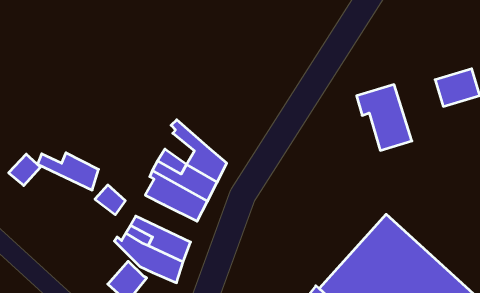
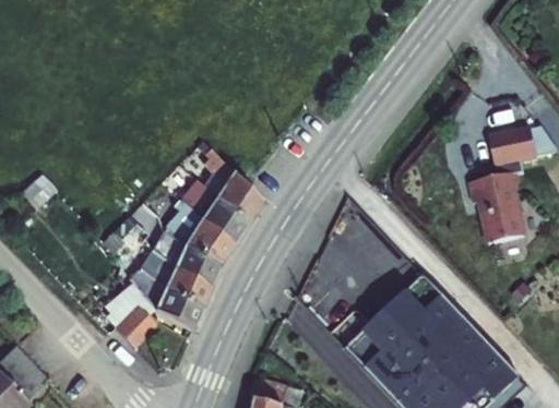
building: [357,85,412,150] -> [466,169,522,239]
building: [37,153,99,190] -> [154,242,219,286]

